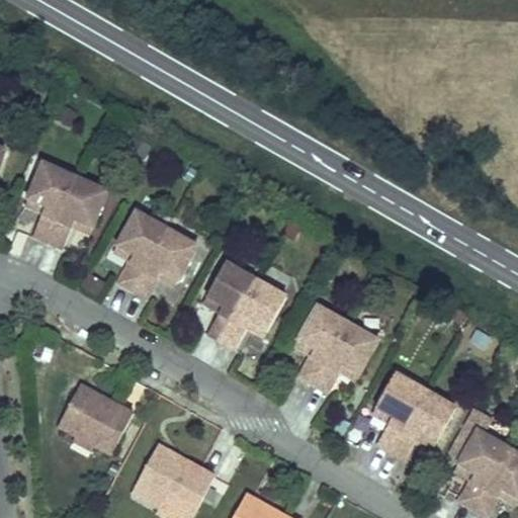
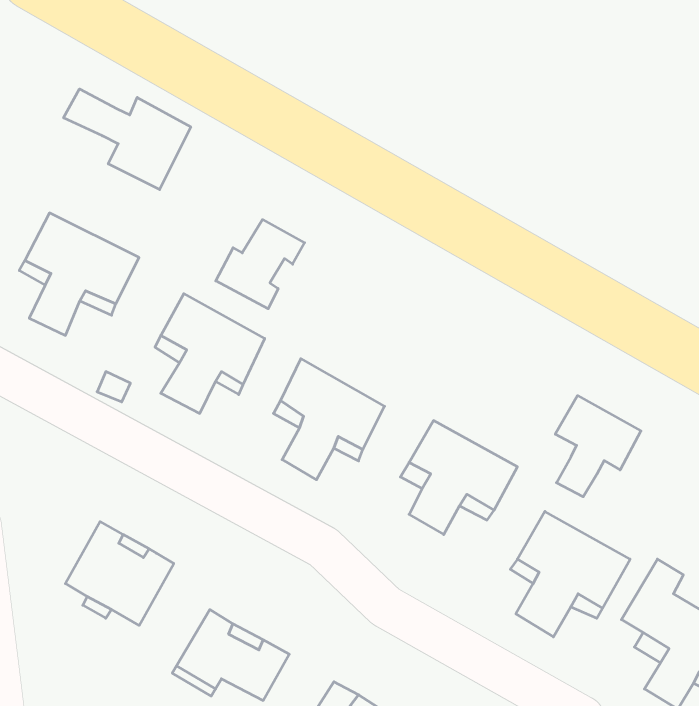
building: none -> [64,89,191,190]
building: none -> [216,220,305,309]
building: none -> [555,396,641,497]

